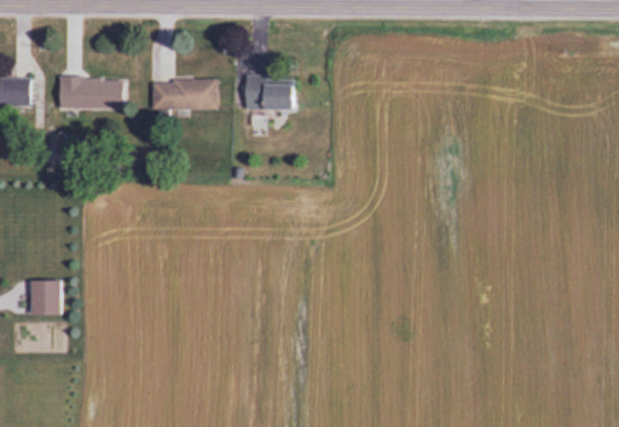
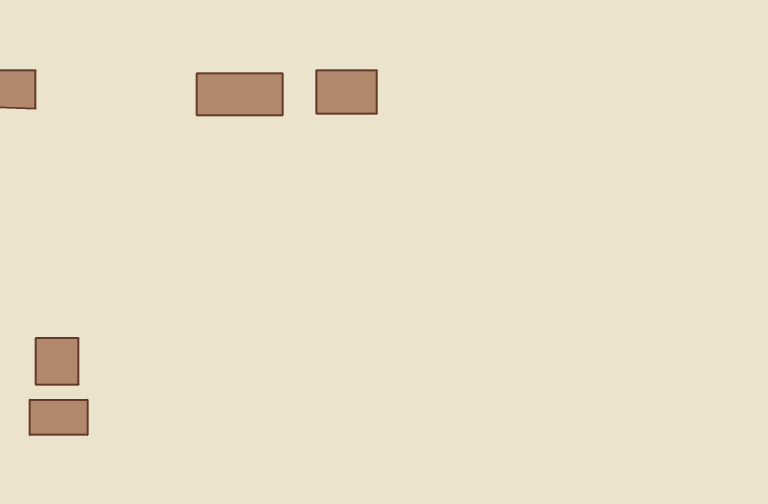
building: [60,77,122,109] -> none
building: none -> [30,400,87,435]

